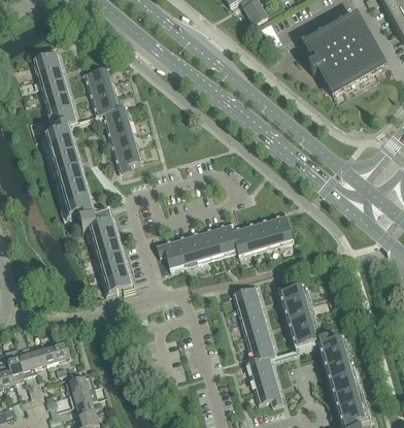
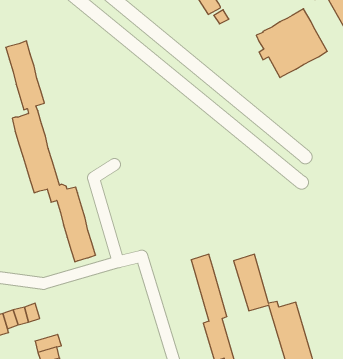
building: [87,67,140,172] -> none
building: [157,215,293,269] -> none

